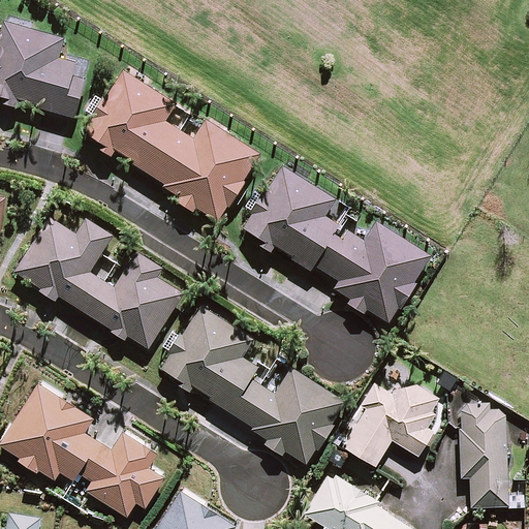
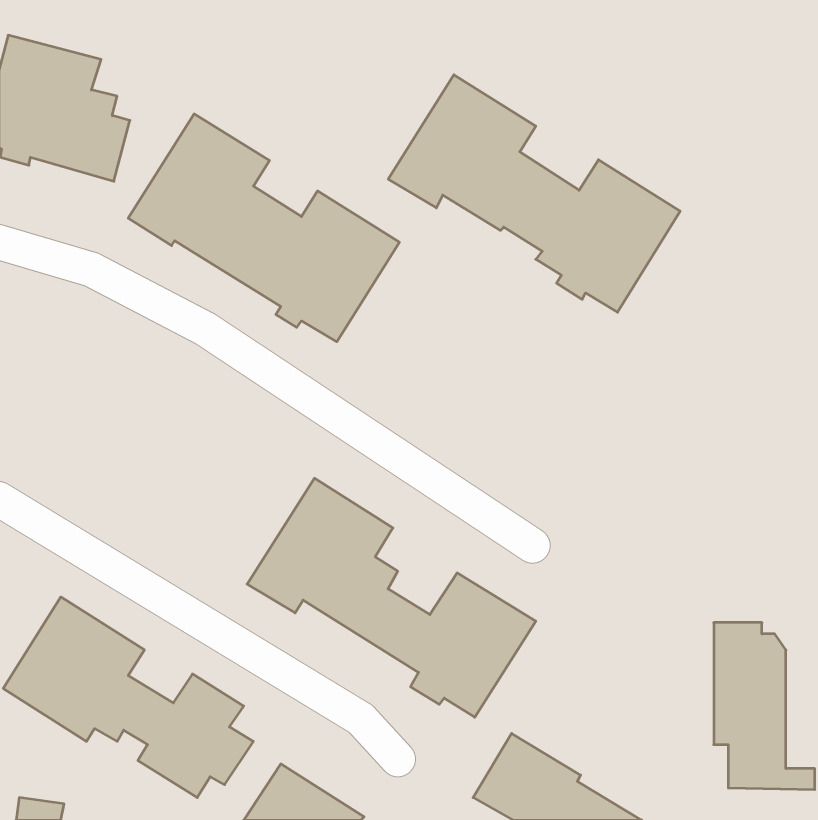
building: [241,167,429,320] -> [388,75,680,312]
building: [15,220,182,348] -> none
building: [344,383,438,465] -> none

